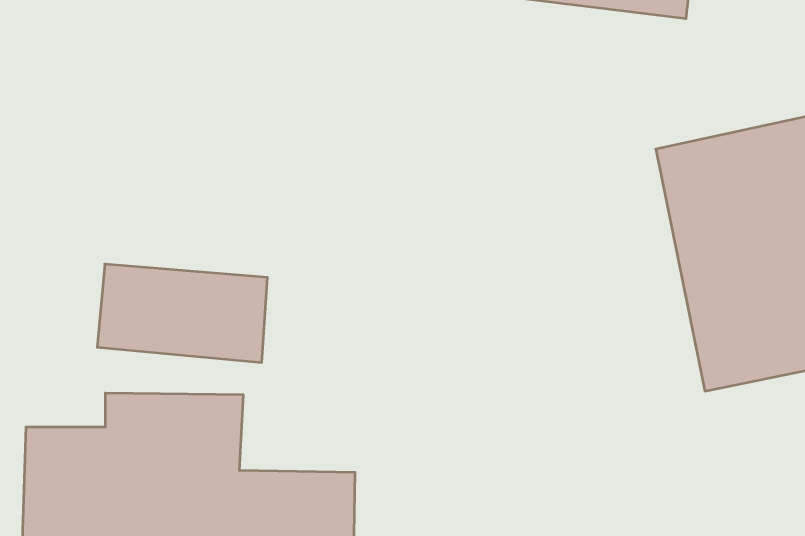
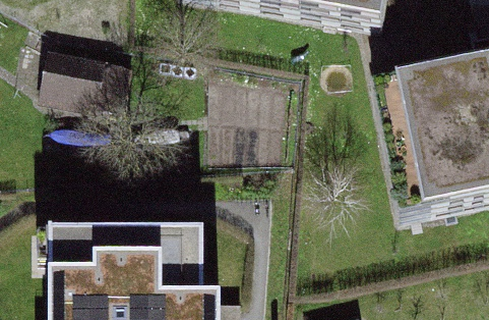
building: [97,264,267,362] -> [50,55,141,108]

